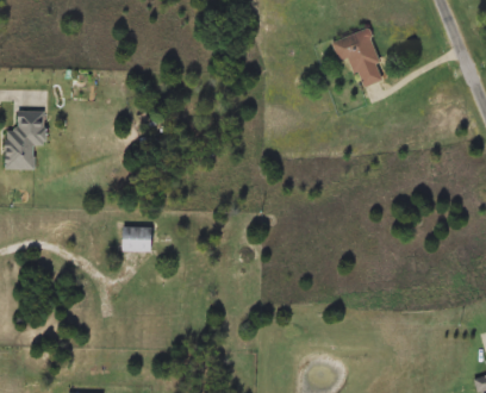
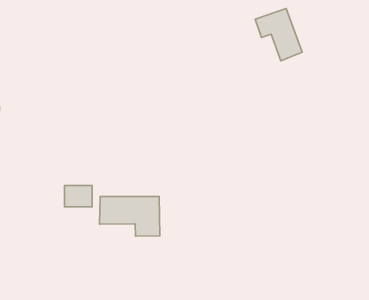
building: none -> [99,197,160,236]

